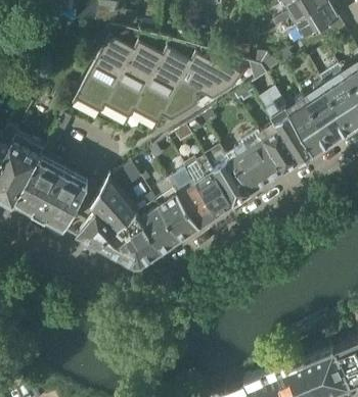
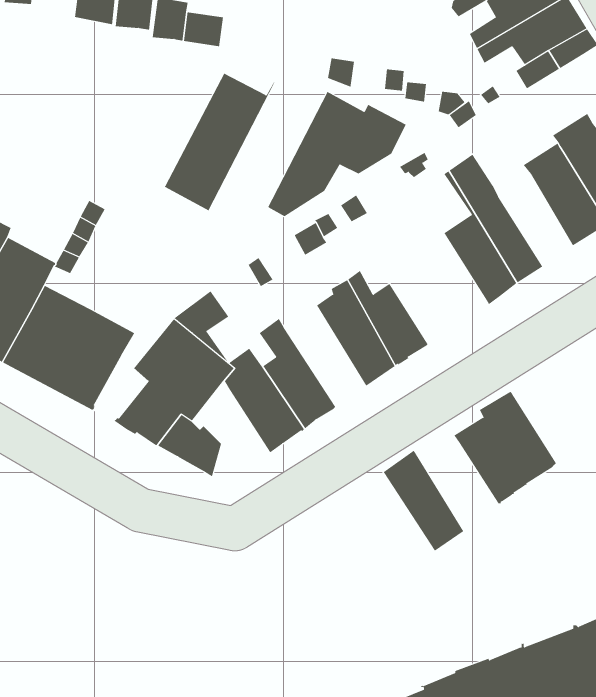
building: [75,37,137,113] -> none
building: [129,48,194,125] -> none
building: [286,94,330,150] -> none
building: [226,131,283,193] -> [453,391,557,504]
building: [171,171,216,228] -> [383,450,464,551]
building: [120,213,163,268] -> none

